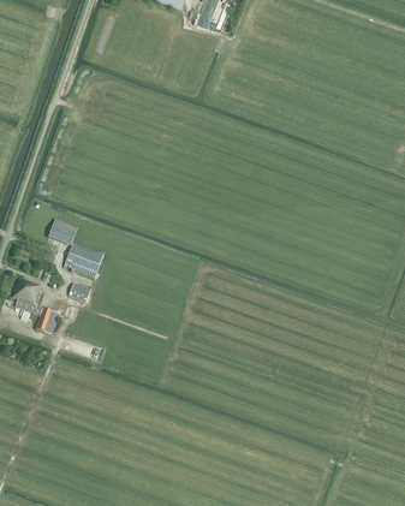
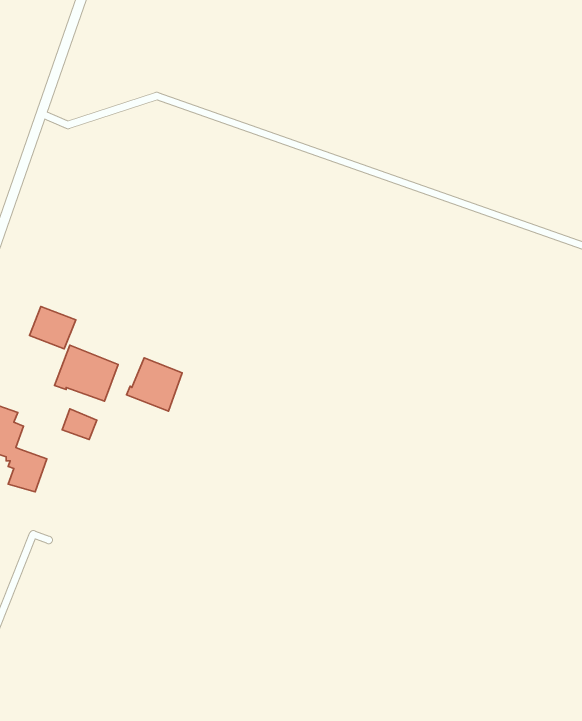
building: none -> [126,358,182,411]

